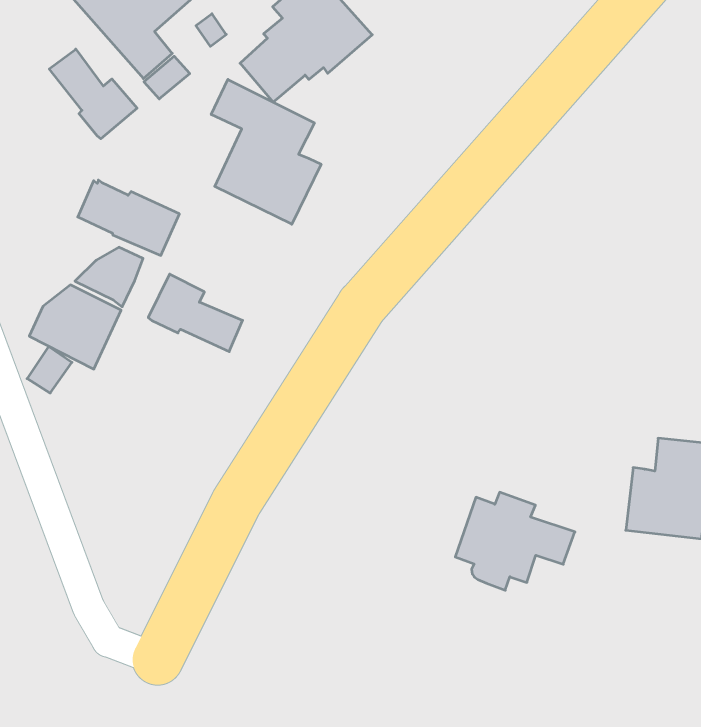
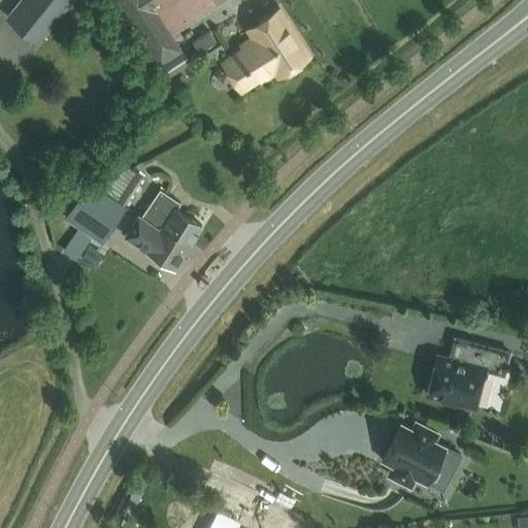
building: [49,49,137,139] -> none
building: [211,79,321,224] -> none
building: [78,180,179,255] -> [126,217,191,270]
building: [455,492,575,590] -> [383,424,461,487]

